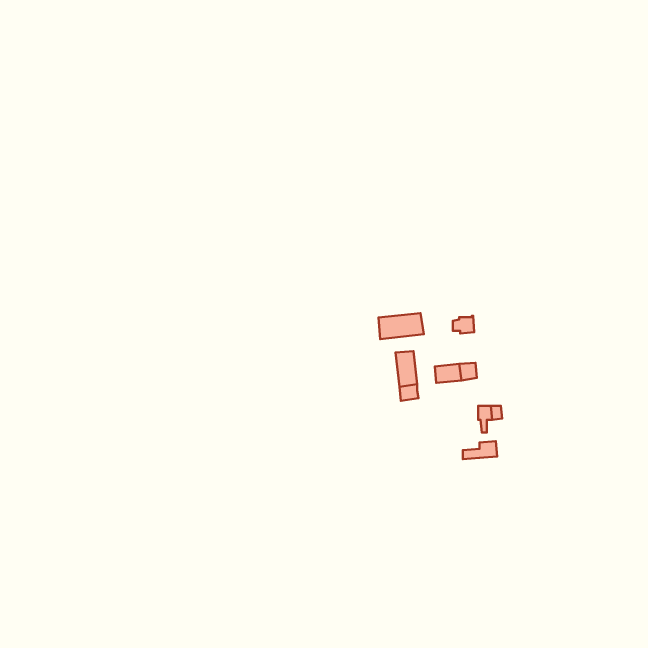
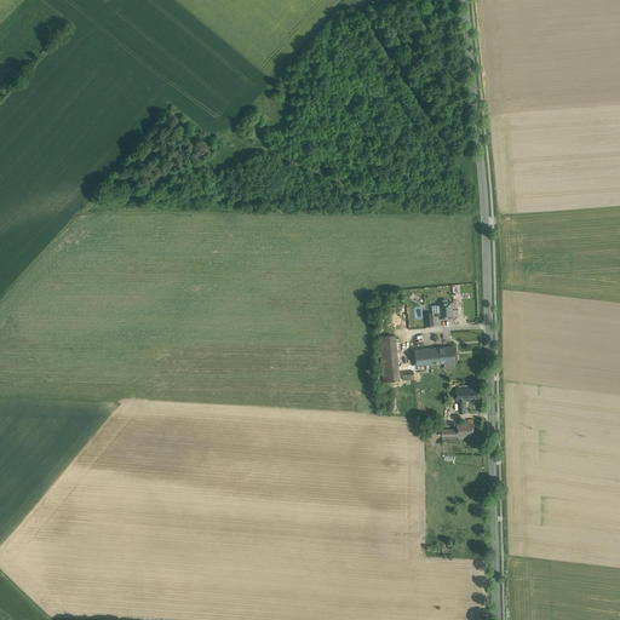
building: [378,313,424,339] -> none

